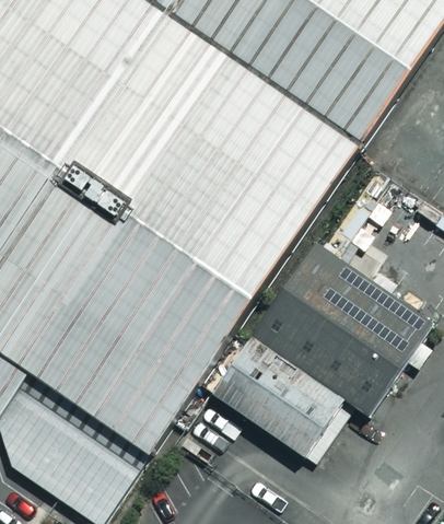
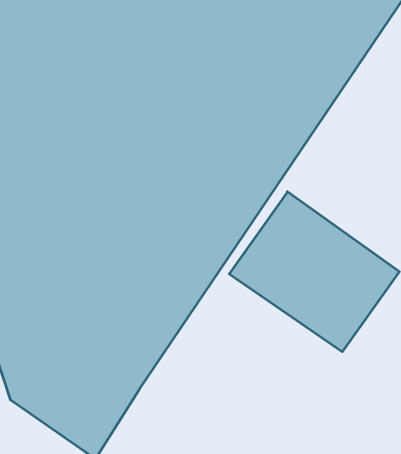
building: [206,338,348,462] -> none

